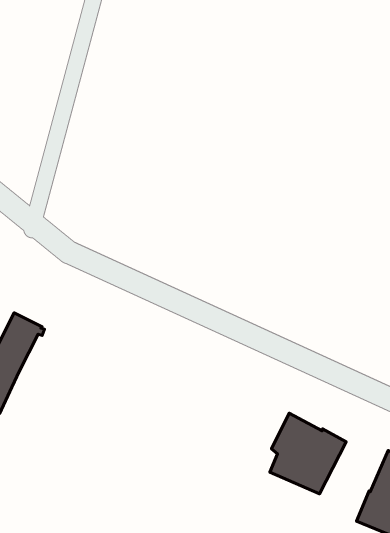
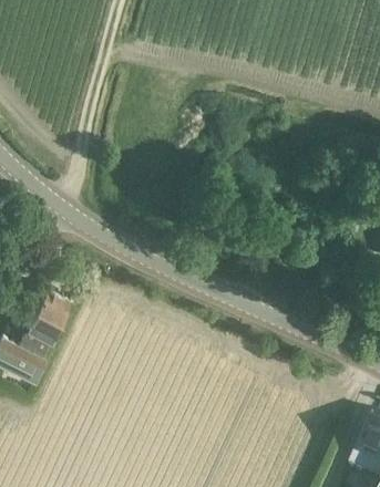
building: [270,413,346,494] -> none

